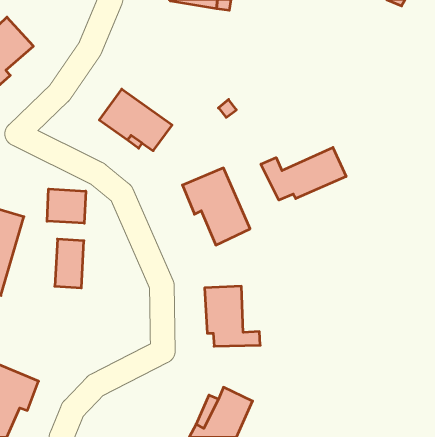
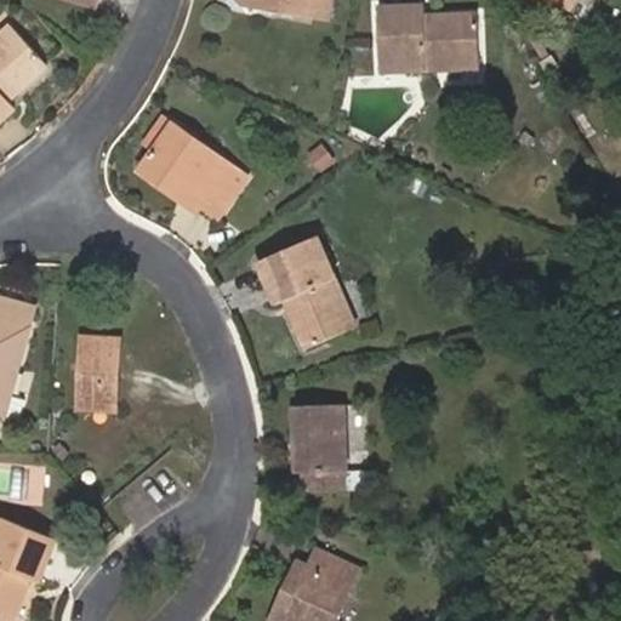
building: none -> [378,6,477,69]
building: [261,147,346,200] -> none
building: [47,189,86,223] -> none

